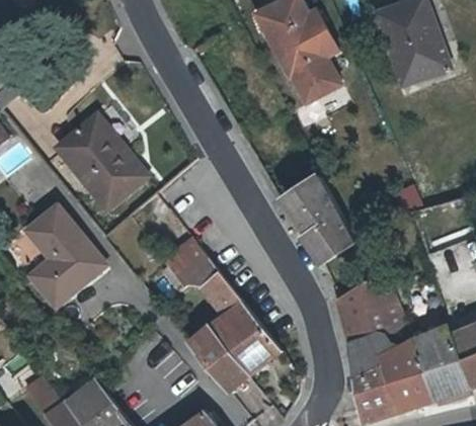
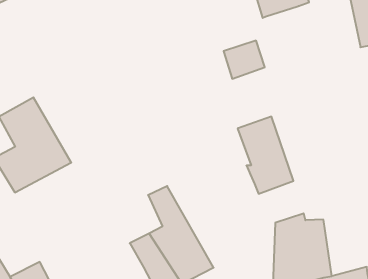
building: [294,56,341,101] -> [224,41,265,79]
building: [53,110,153,214] -> none
building: [163,237,218,287] -> none

